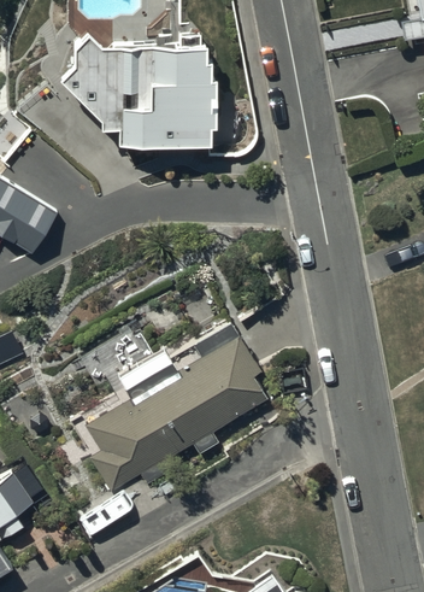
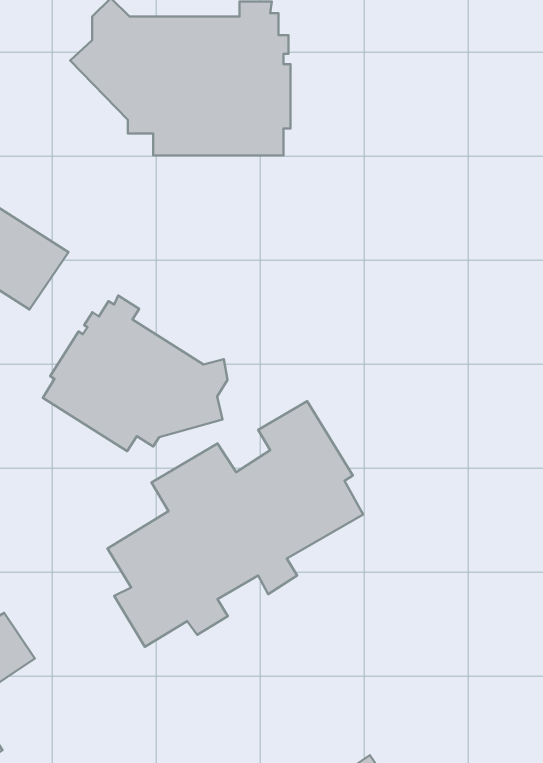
building: none -> [43,296,228,451]

